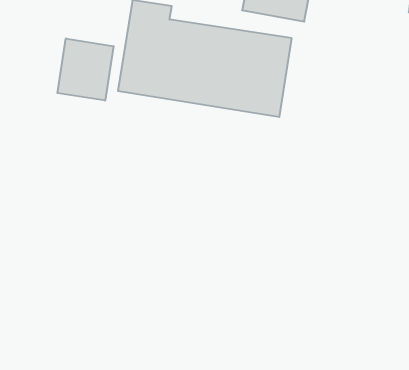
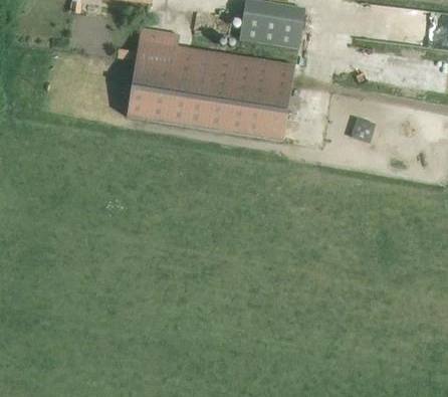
building: [57,38,114,101] -> none

